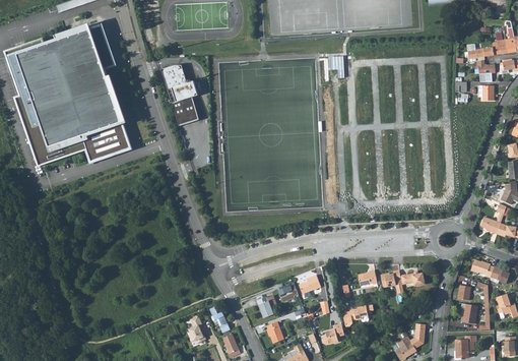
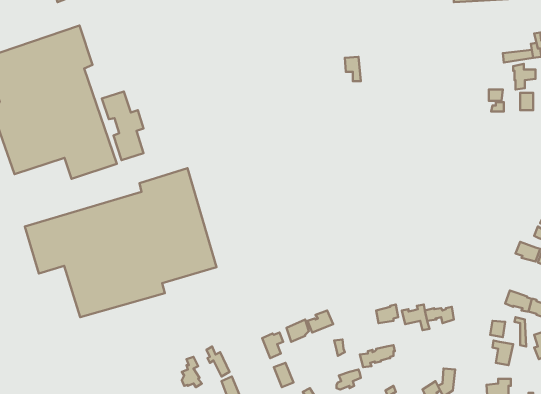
building: [161,63,198,123] -> [102,91,144,160]
building: none -> [25,168,216,317]

